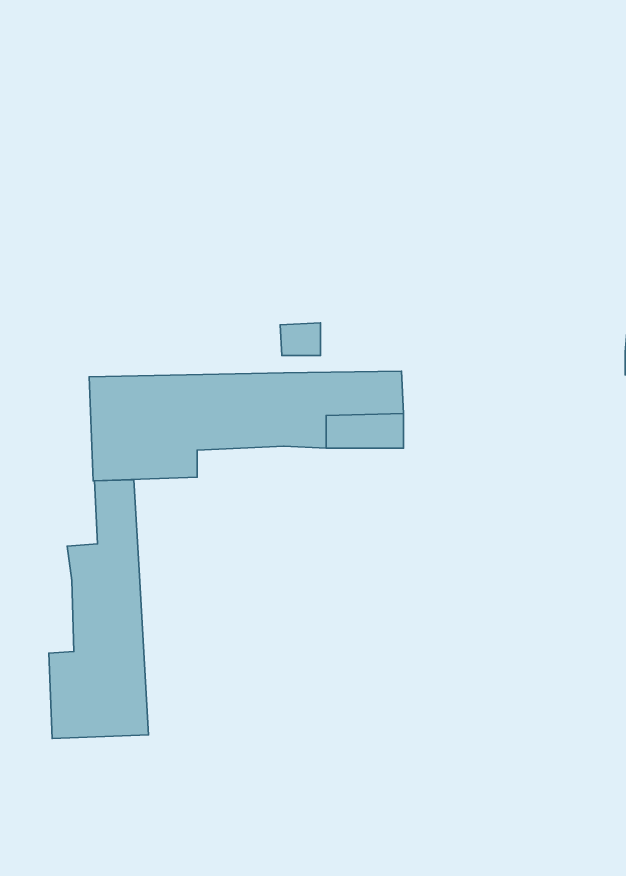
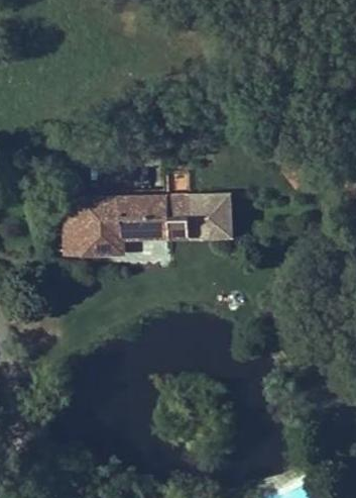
building: [49,480,149,738] -> none

